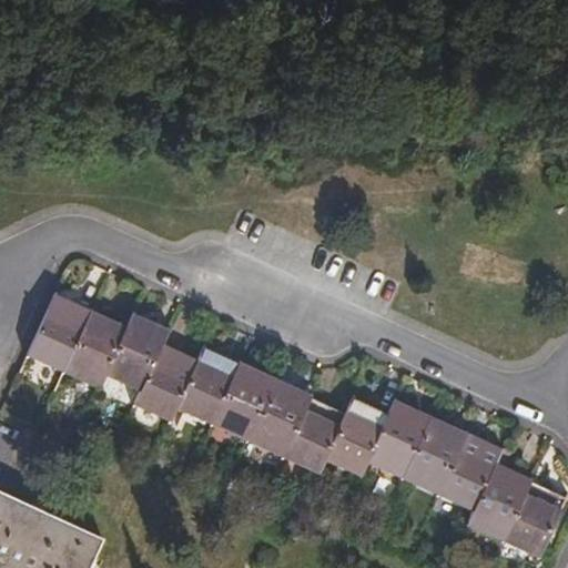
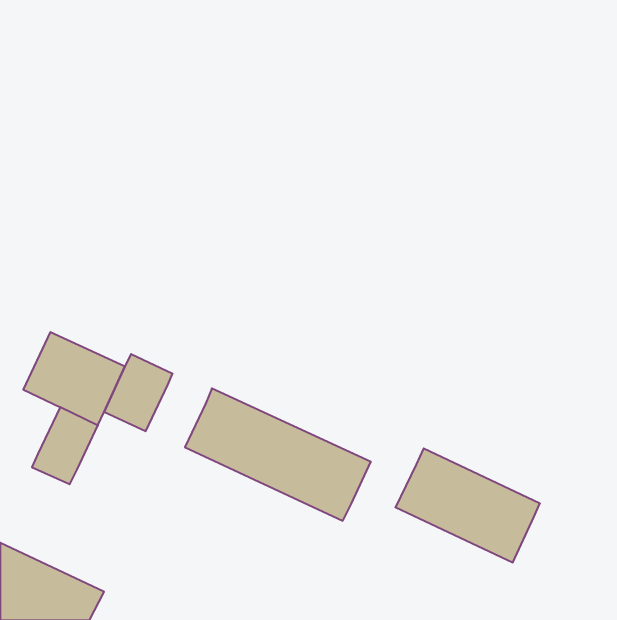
building: [134,348,194,418] -> [32,407,98,484]
building: [326,404,385,473] -> none
building: [467,468,562,555] -> none

